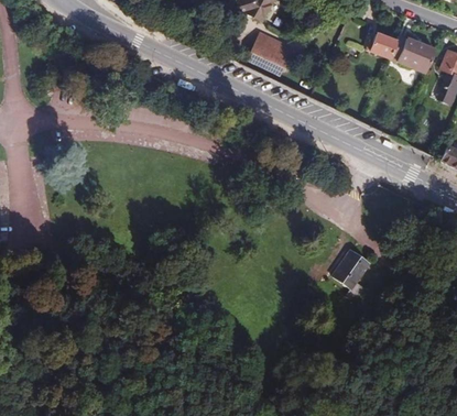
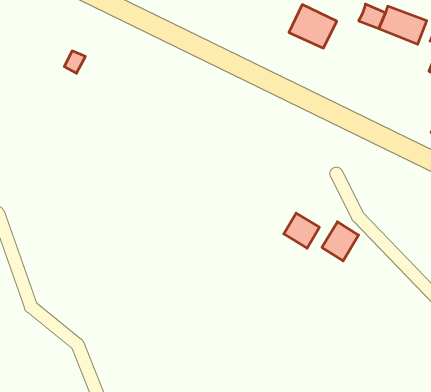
building: [246,33,293,76] -> [289,5,337,48]
building: none -> [284,213,319,248]

